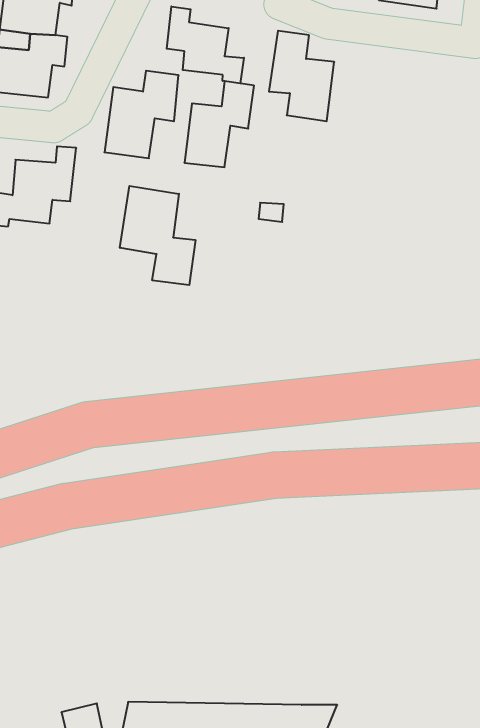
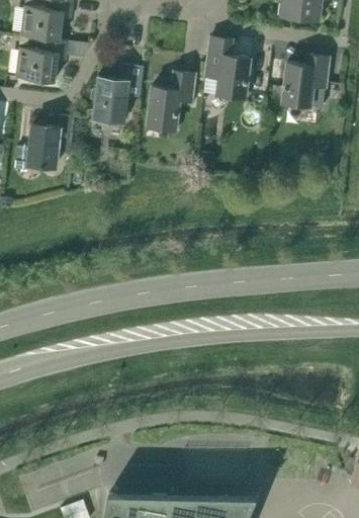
building: [167,6,244,83] -> none
building: none -> [282,55,329,106]
building: [120,186,195,285] -> none

